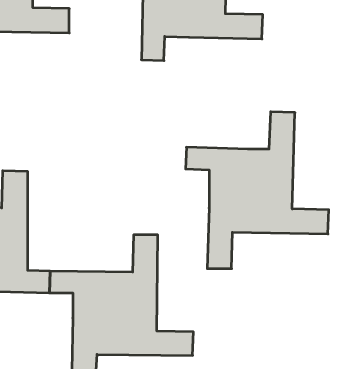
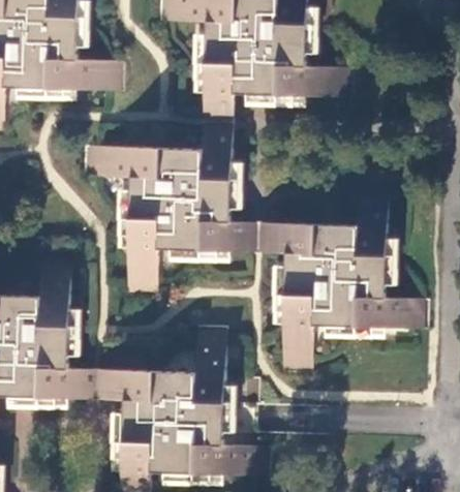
building: none -> [86,120,258,293]

